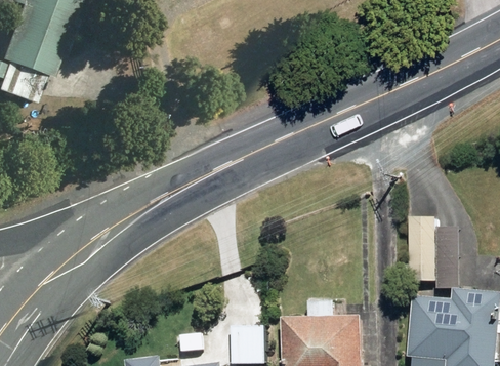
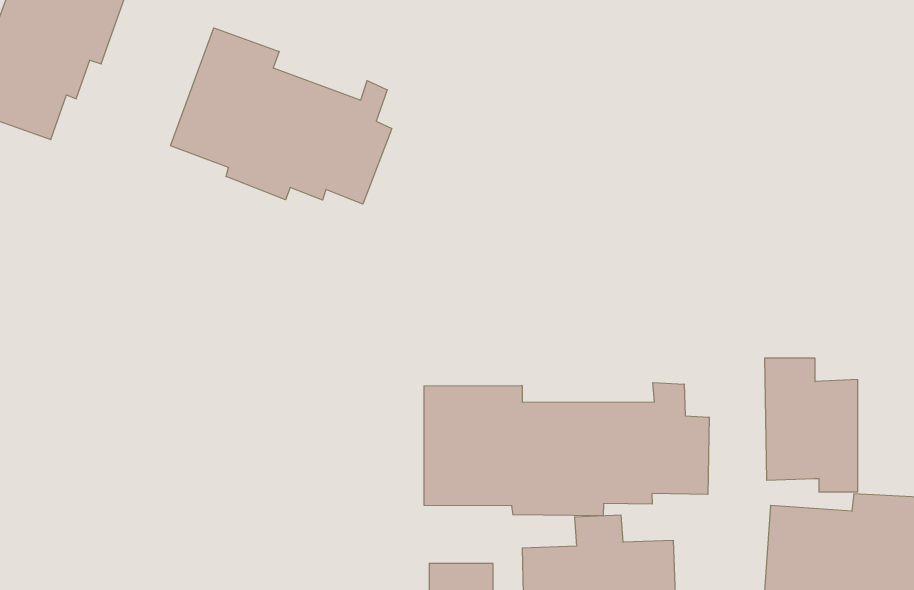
building: none -> [170,28,392,204]
building: none -> [424,383,709,516]

